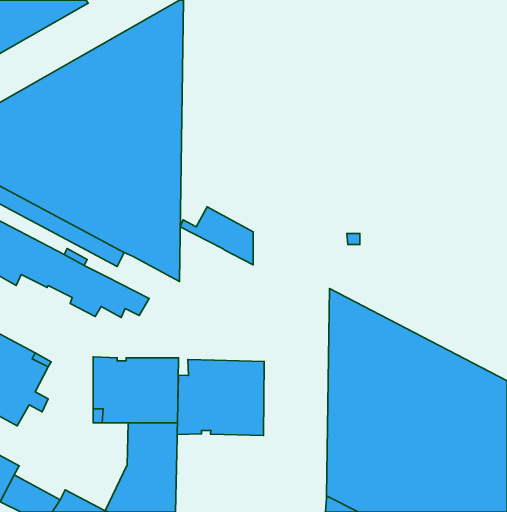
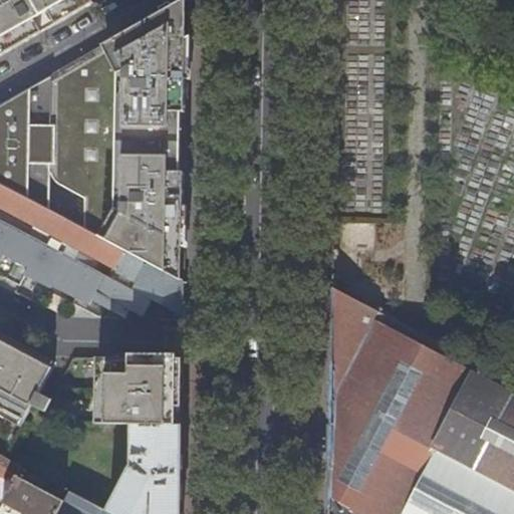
building: [180,207,253,265] -> [106,257,180,315]
building: [177,360,264,435] -> none

